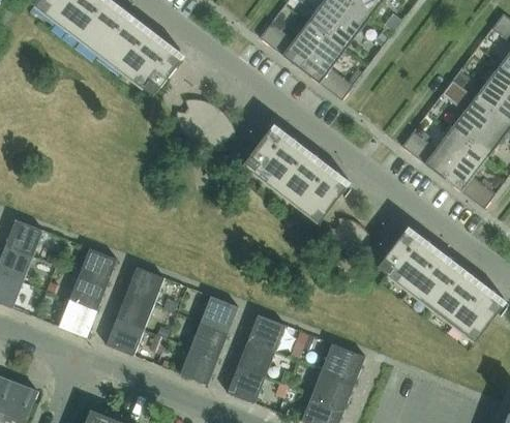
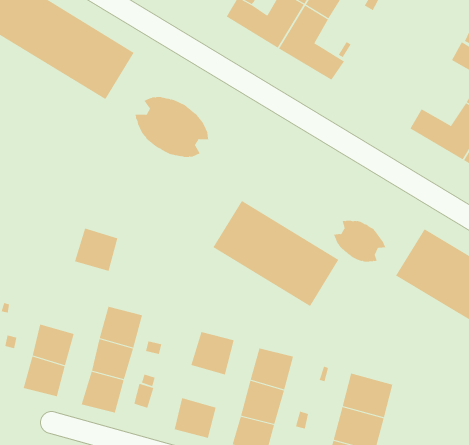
building: [243,127,347,221] -> [213,200,339,307]
building: [79,247,117,285] -> [74,228,118,272]
building: [189,322,228,359] -> none

